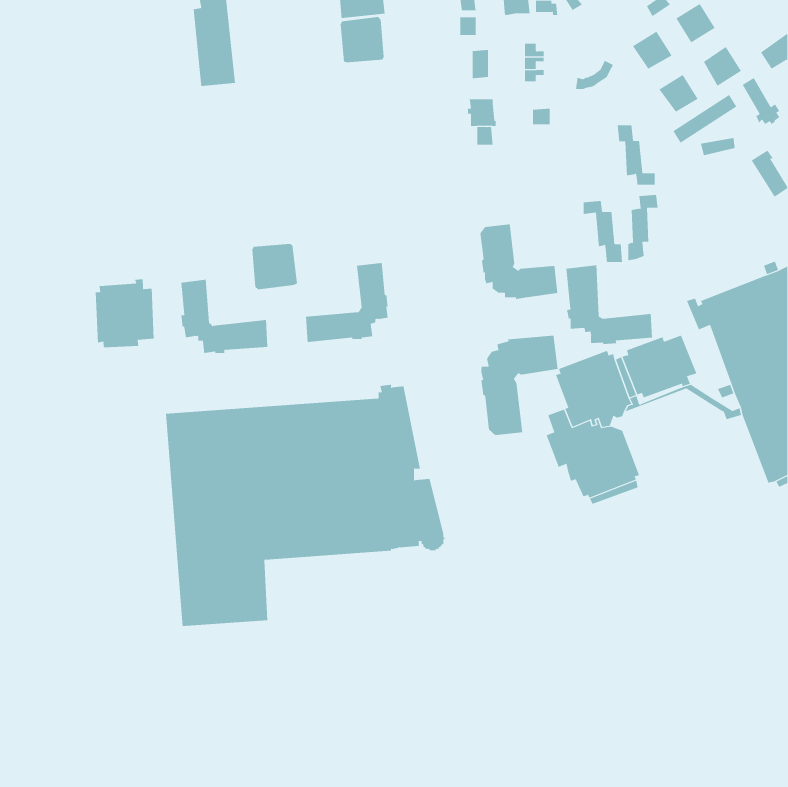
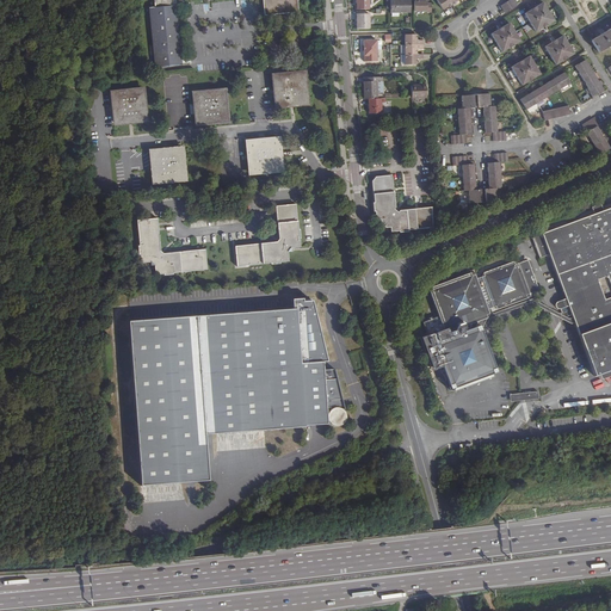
building: [340,17,385,63] -> [273,70,308,106]
building: none -> [111,88,147,124]
building: none -> [193,88,229,124]
building: none -> [451,97,474,147]
building: none -> [247,137,283,173]
building: [252,243,298,290] -> [150,147,186,183]
building: [566,264,652,345] -> none
building: [95,278,154,348] -> none
building: [481,335,558,436] -> none

